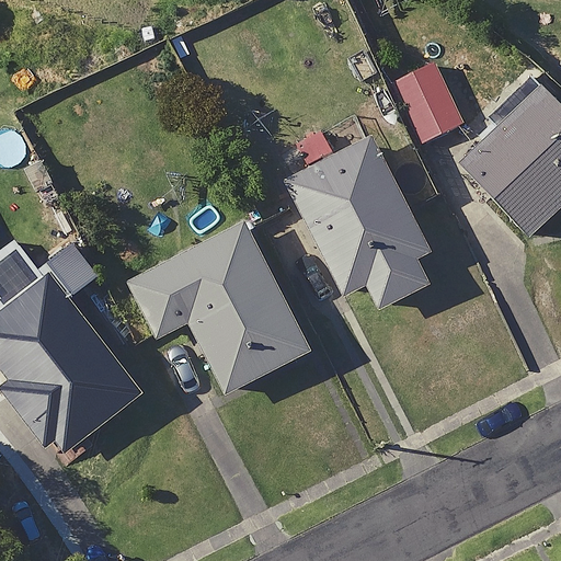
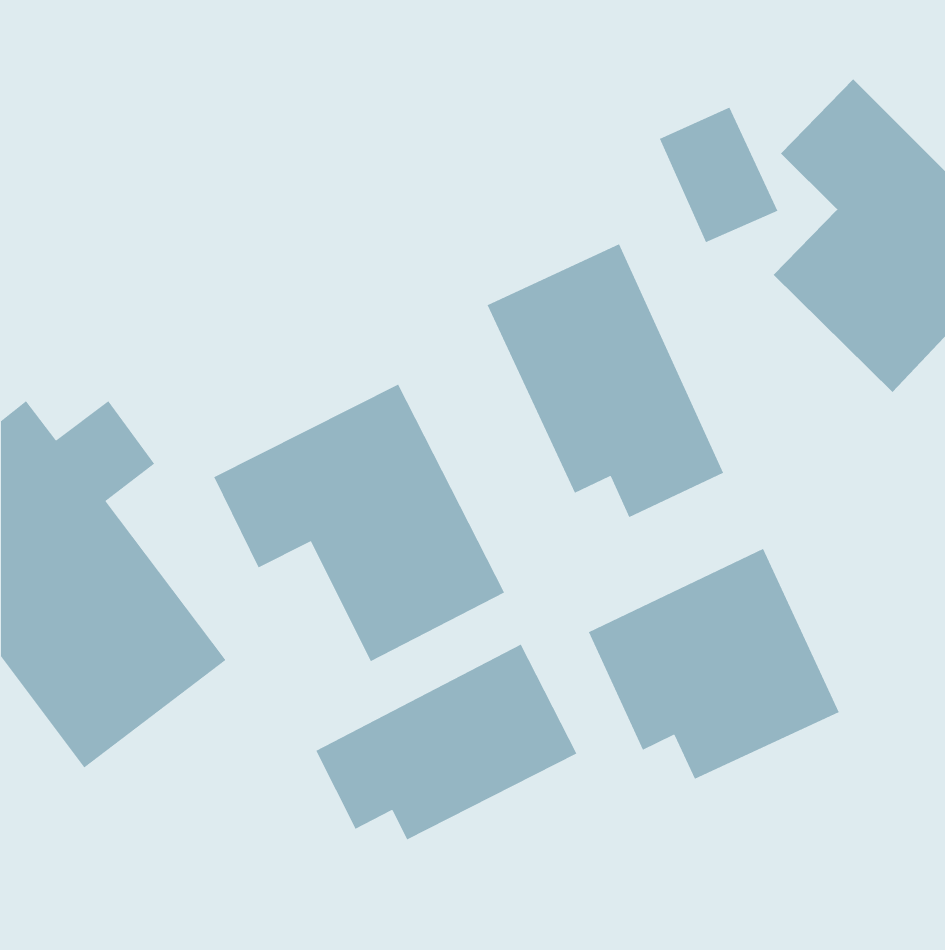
building: none -> [588,548,840,780]
building: none -> [315,644,577,840]

